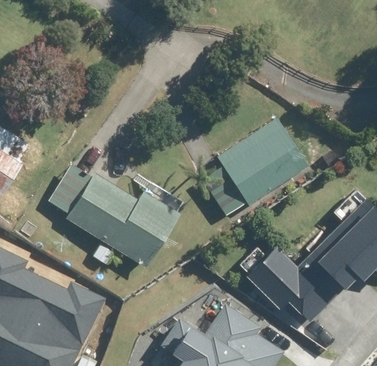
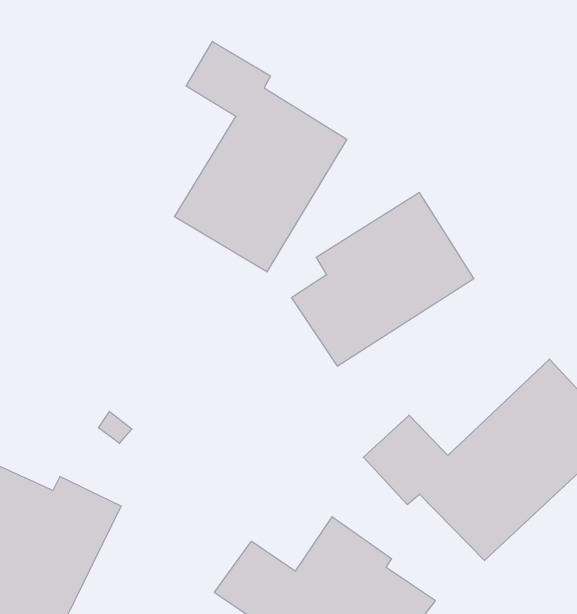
building: none -> [174,41,347,272]
building: [47,163,179,268] -> none

